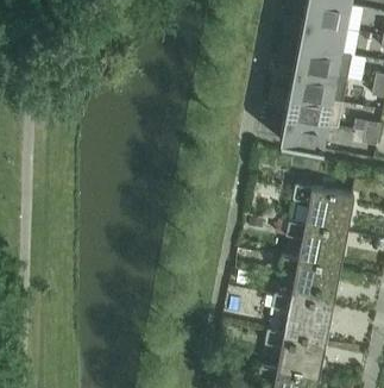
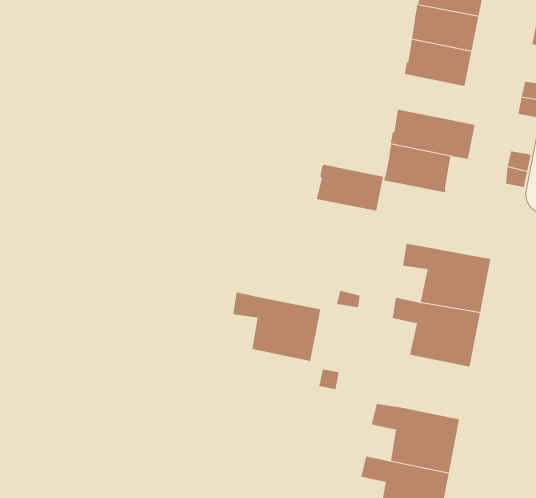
building: [289,70,335,102] -> [316,164,384,211]
building: [278,258,339,306] -> [232,292,321,362]

